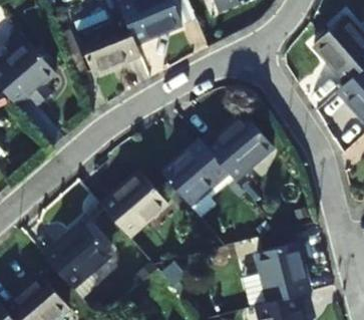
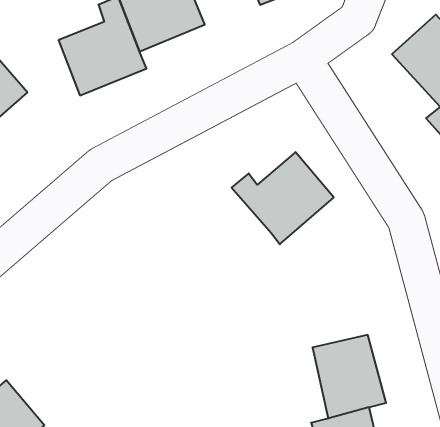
building: [161,140,228,207] -> none
building: [99,172,166,238] -> none
building: [43,224,109,288] -> none

